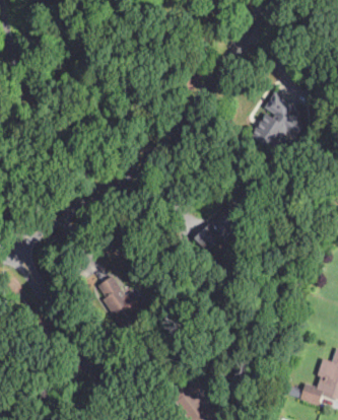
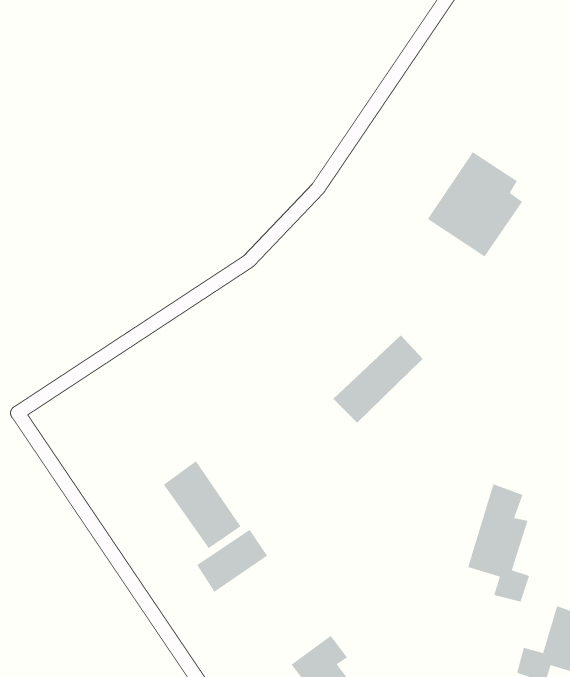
building: none -> [467,483,530,602]
building: none -> [196,529,268,593]

